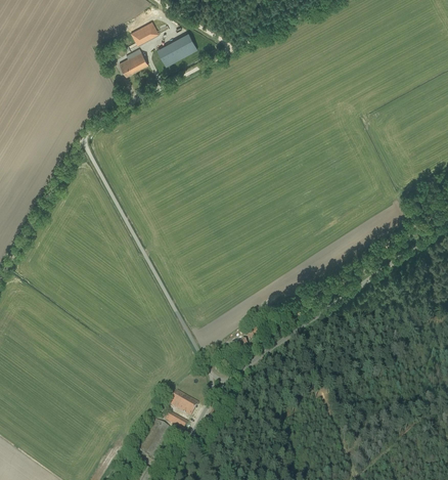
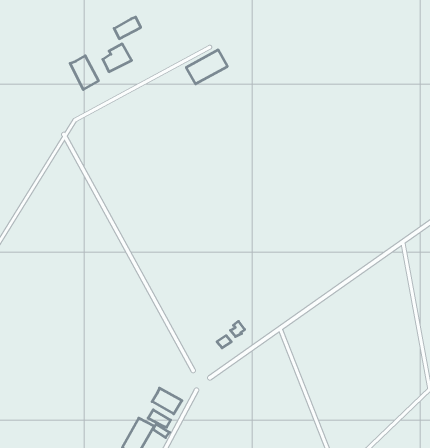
building: [156,33,197,67] -> [186,50,227,84]
building: none -> [70,56,98,90]

